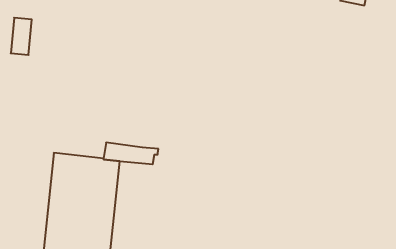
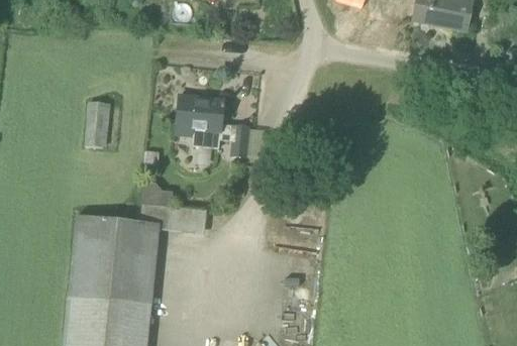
building: [11,18,32,55] -> [85,101,111,147]
building: none -> [176,94,249,154]

